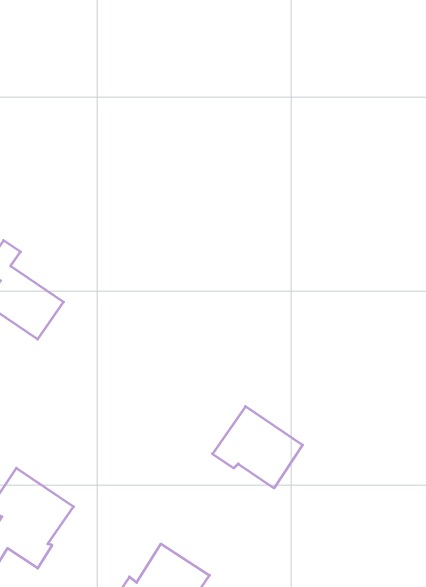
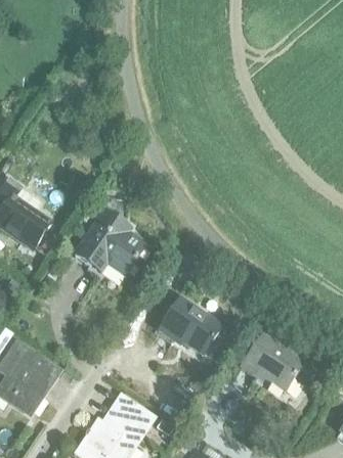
building: none -> [74,210,146,276]
building: none -> [241,333,304,391]

